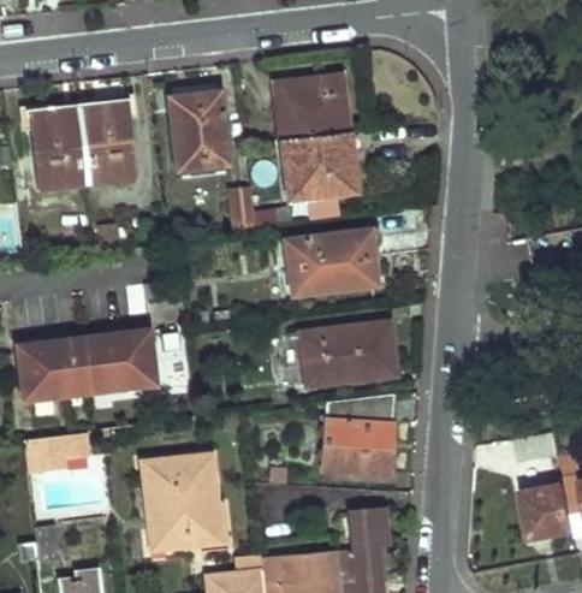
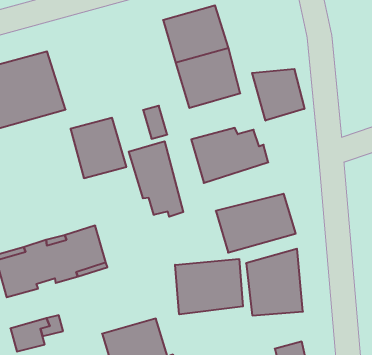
building: [168,101,231,171] -> [70,118,126,178]
building: none -> [252,69,304,121]
building: none -> [129,141,183,217]
building: none -> [175,259,243,314]

